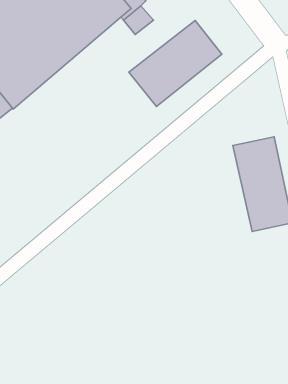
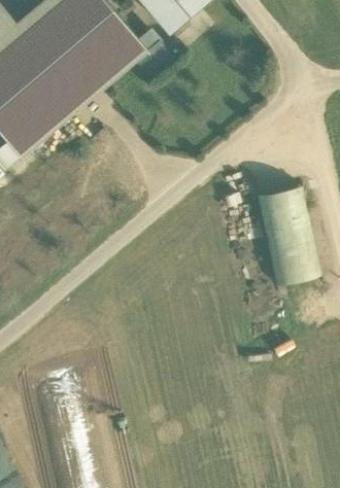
building: [129,21,222,107] -> none

